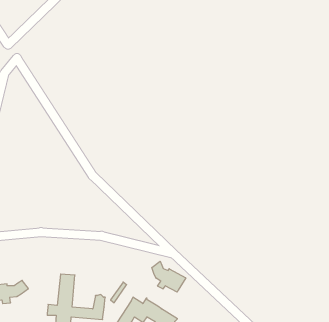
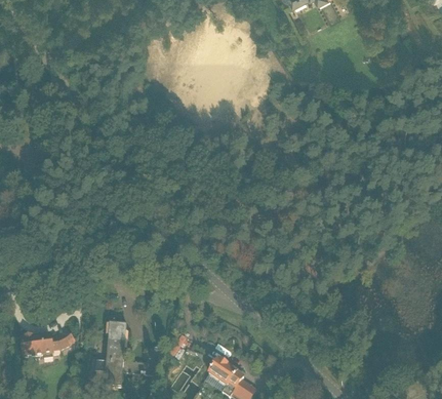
building: [152,261,186,292] -> none

